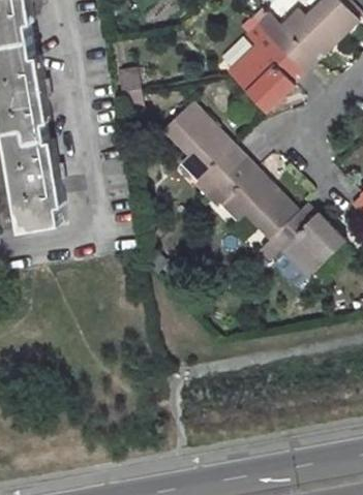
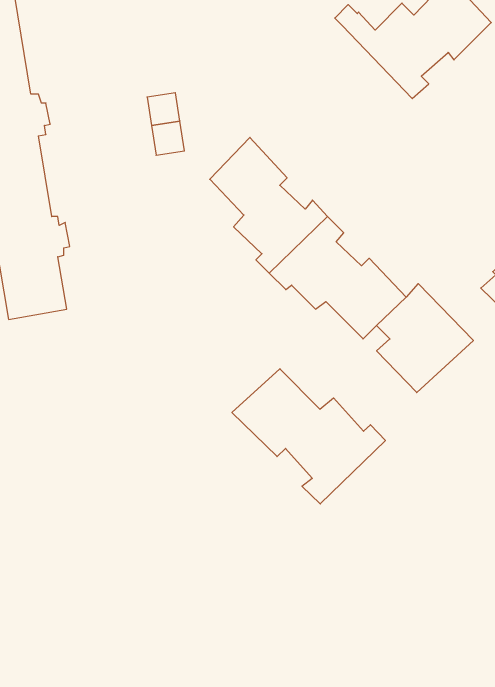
building: [228,24,302,113] -> none
building: none -> [232,369,385,504]

